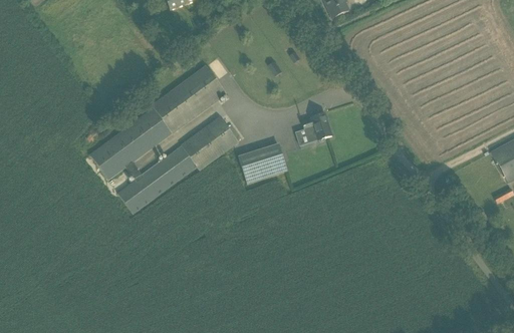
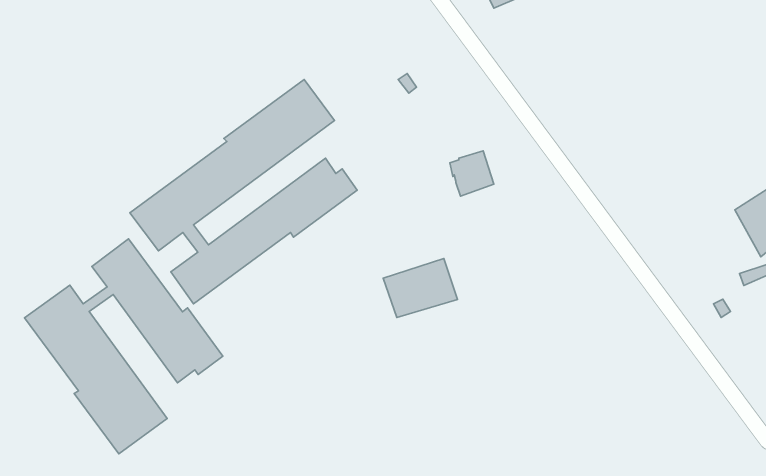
building: [238,143,287,183] -> [383,258,458,318]
building: none -> [25,239,223,454]

